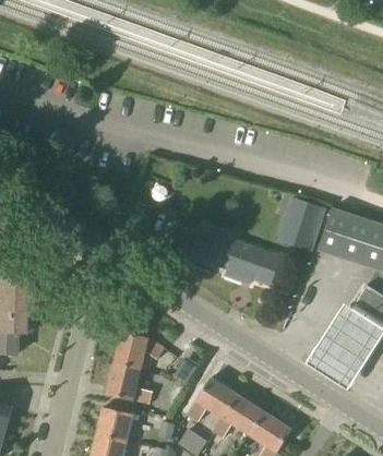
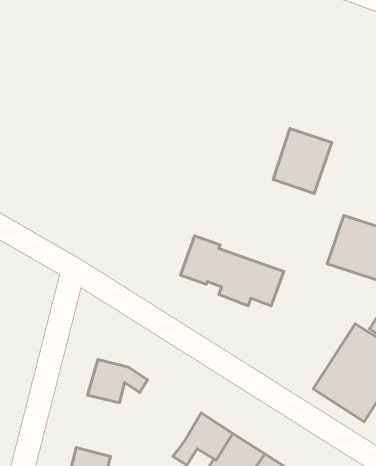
building: [277,196,327,252] -> [273,128,332,194]
building: [106,362,154,406] -> none

